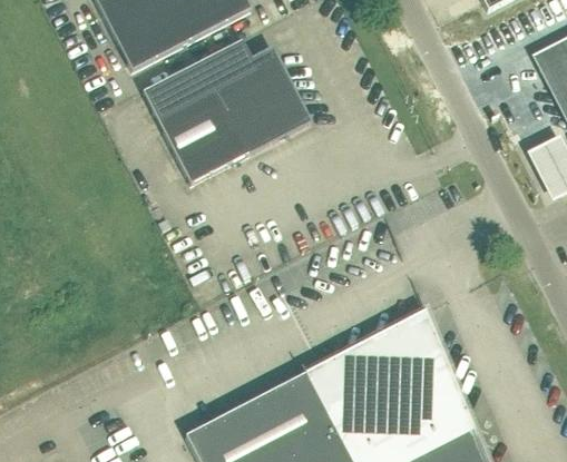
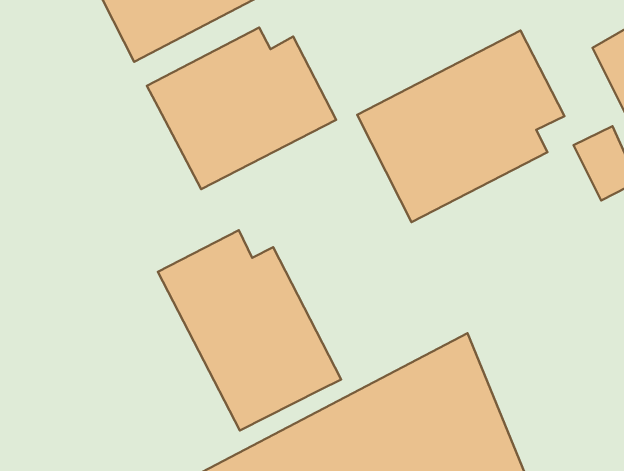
building: none -> [357,30,565,222]
building: none -> [158,230,341,431]

